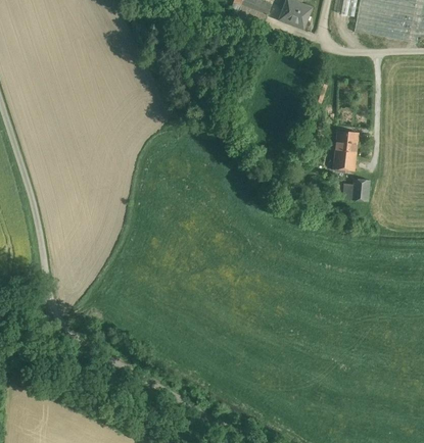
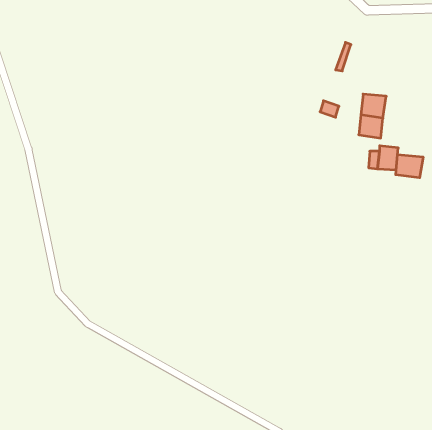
building: none -> [396,154,423,178]

